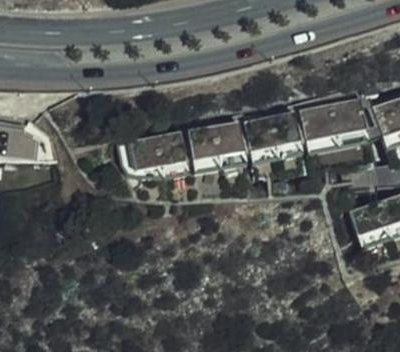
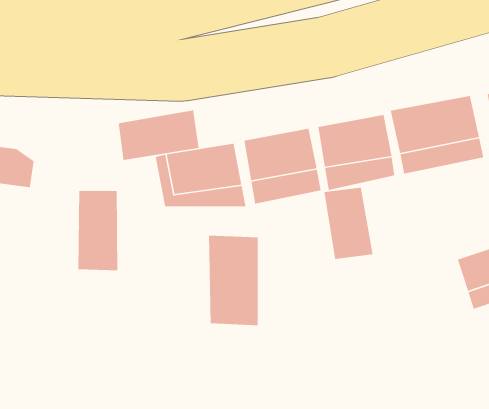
building: none -> [118,109,199,161]
building: none -> [323,187,374,260]
building: none -> [77,190,118,271]
building: none -> [208,235,259,326]

